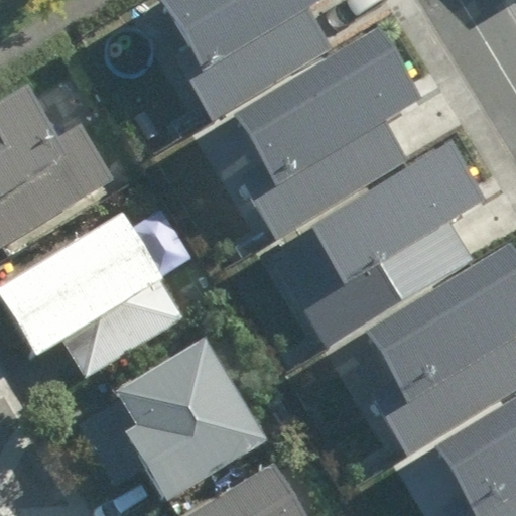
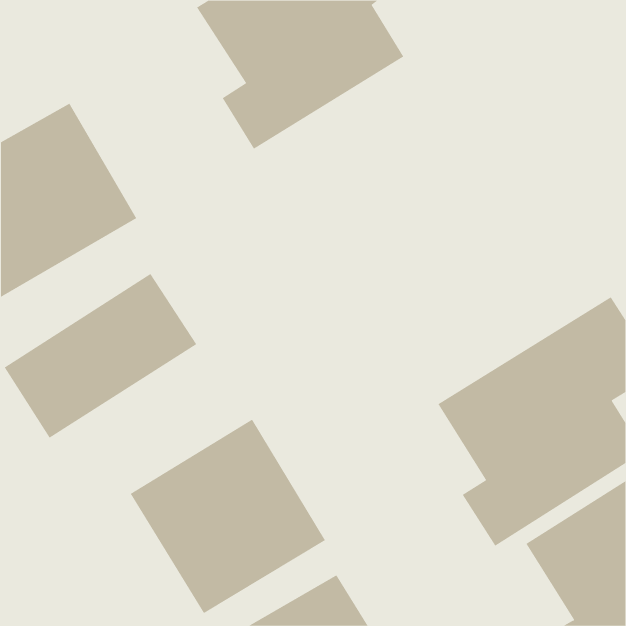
building: [230,31,412,238] -> none
building: [271,148,477,344] -> none

